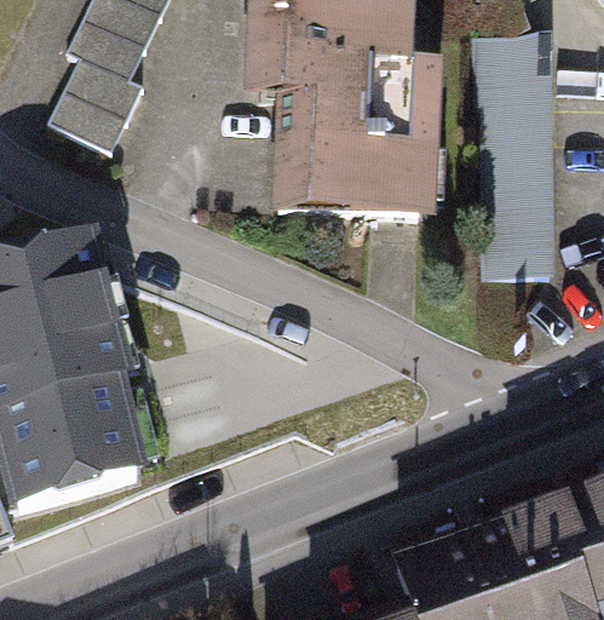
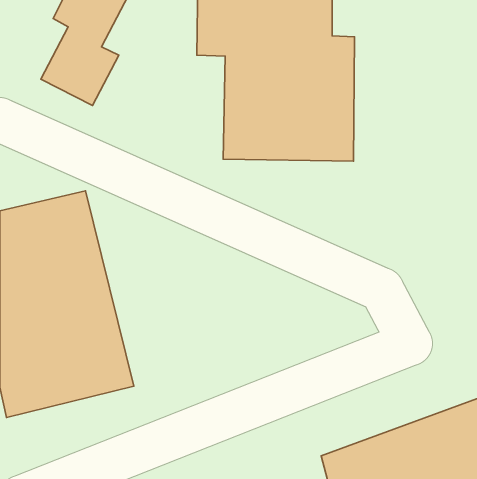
building: [477,28,553,270] -> none

